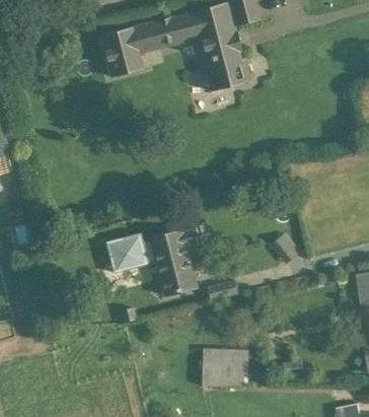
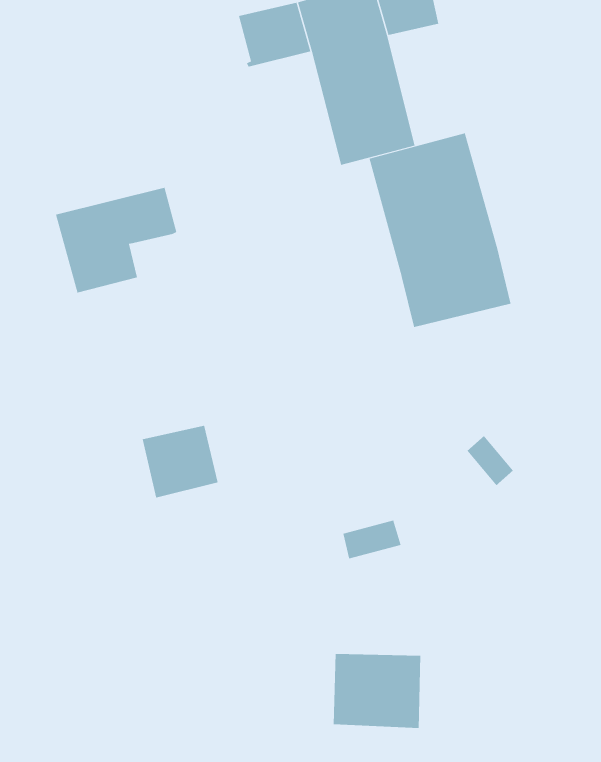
building: [98,20,161,75] -> [55,187,177,293]
building: none -> [369,133,511,328]
building: [152,223,213,295] -> none

